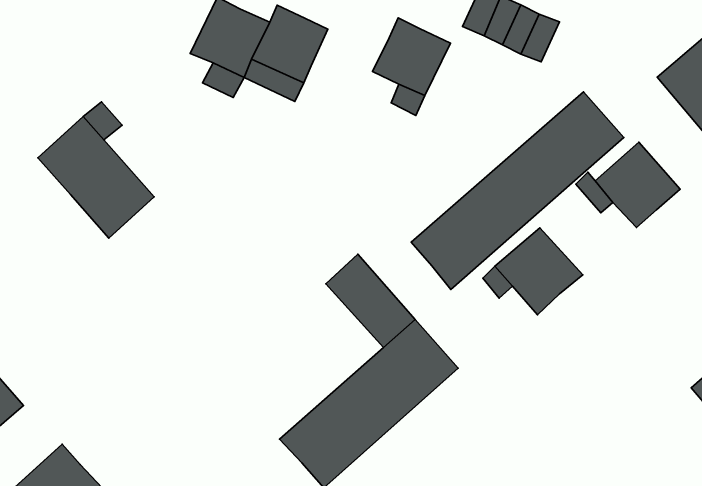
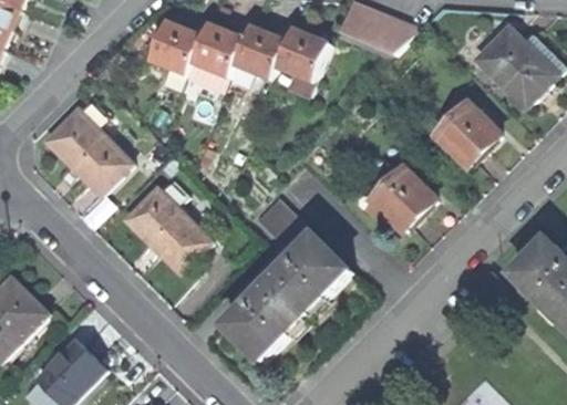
building: none -> [233,25,286,80]
building: [411,92,624,290] -> none
building: none -> [124,188,207,270]

